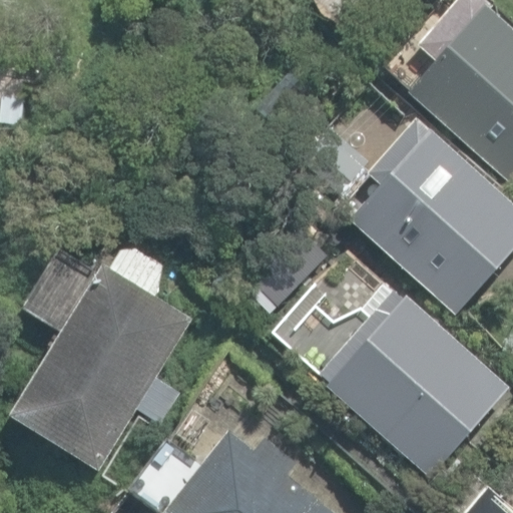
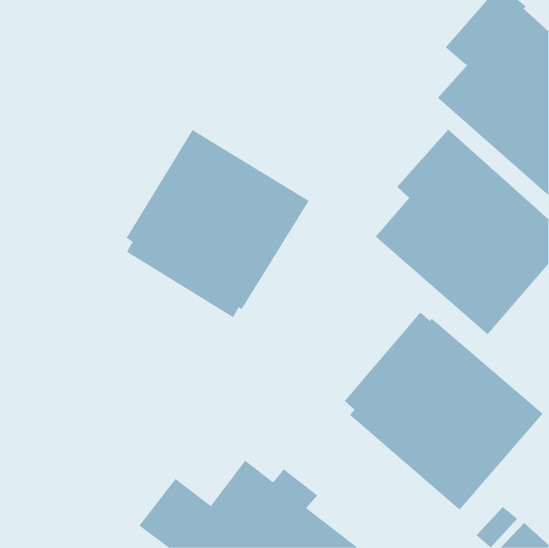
building: none -> [126,129,310,318]
building: [11,248,190,468] -> none

